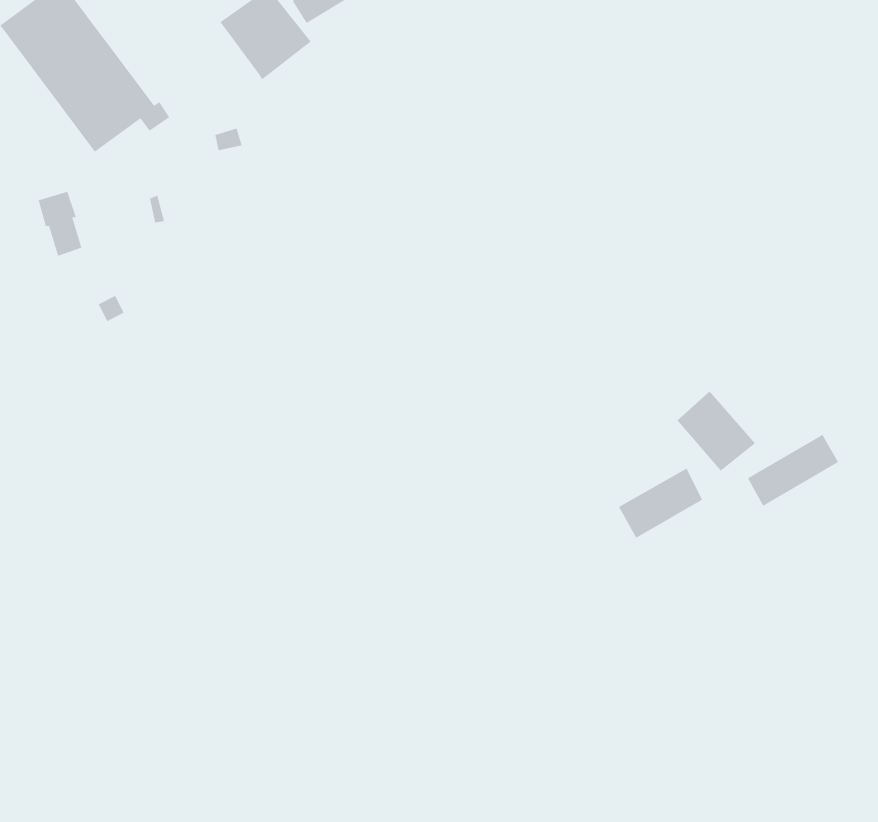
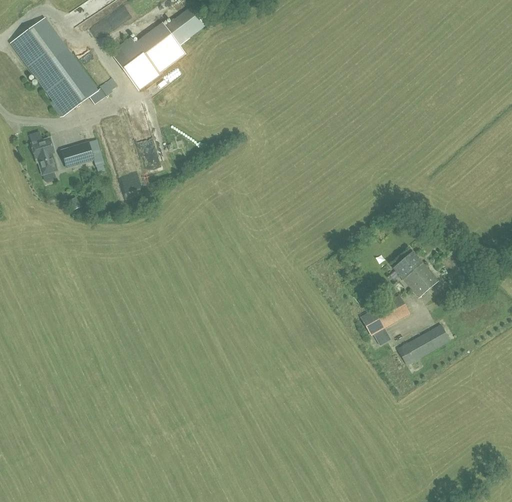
building: none -> [111,36,156,85]
building: none -> [61,141,93,167]
building: [747,434,839,506] -> [397,323,449,364]

